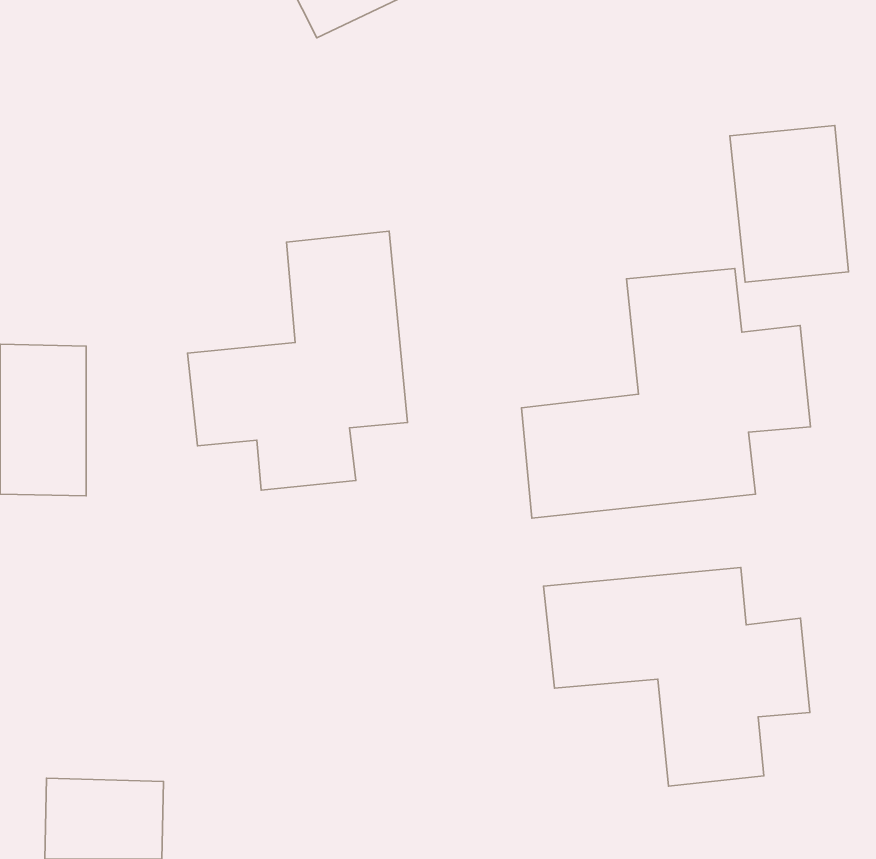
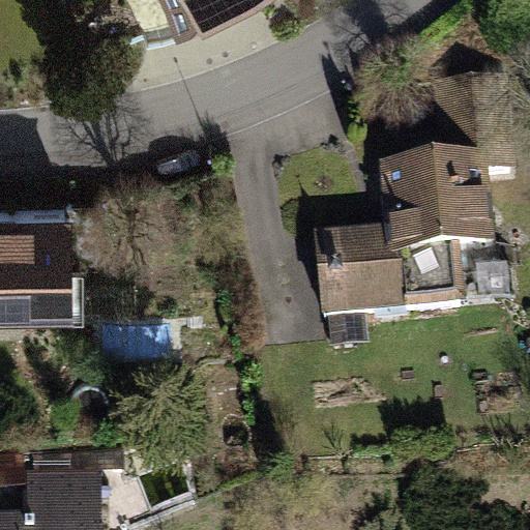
building: [187,231,407,490] -> none
building: [543,567,810,786] -> none

